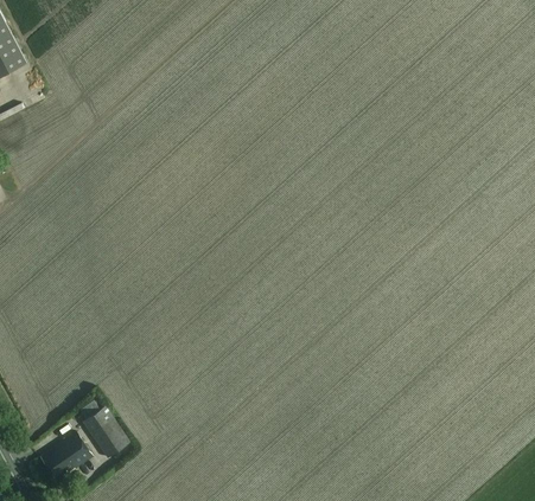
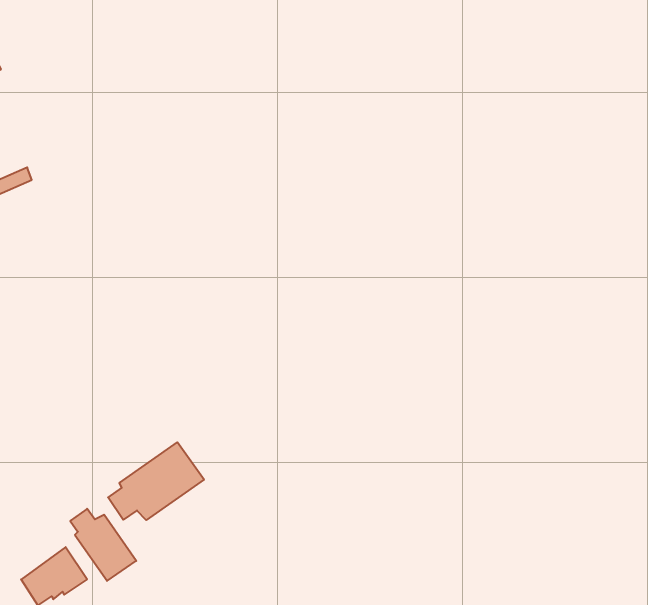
building: none -> [108,442,204,520]

